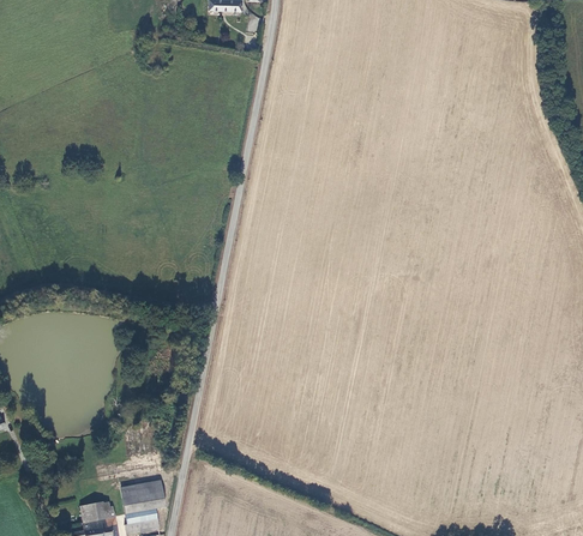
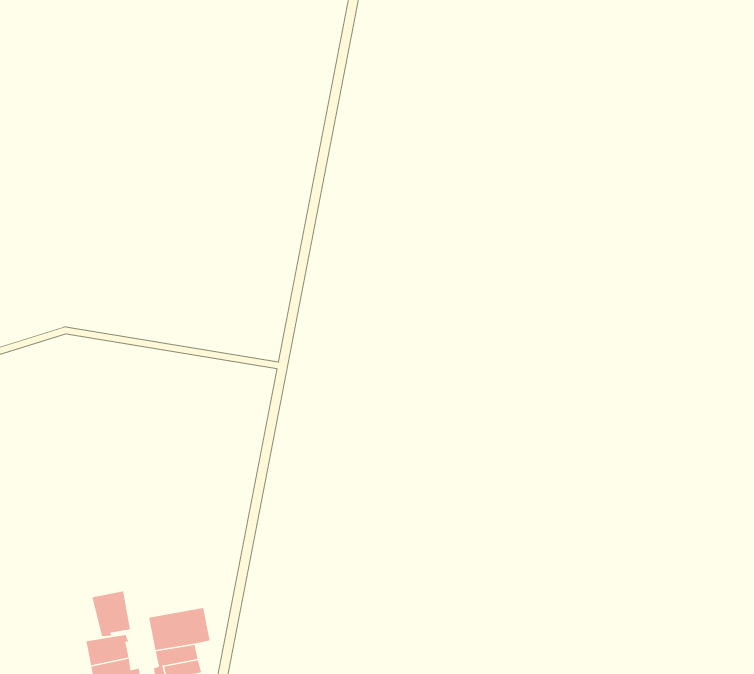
building: none -> [92,590,131,637]

